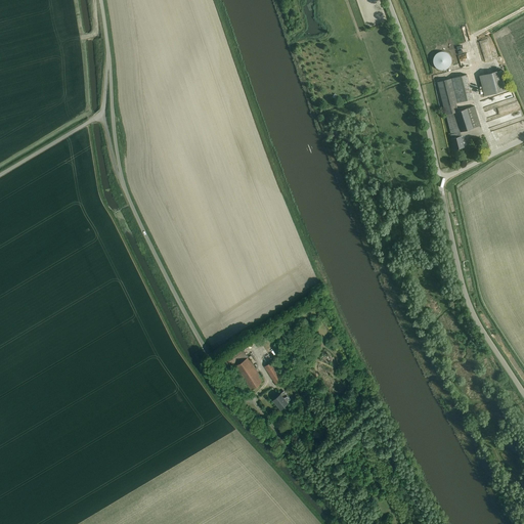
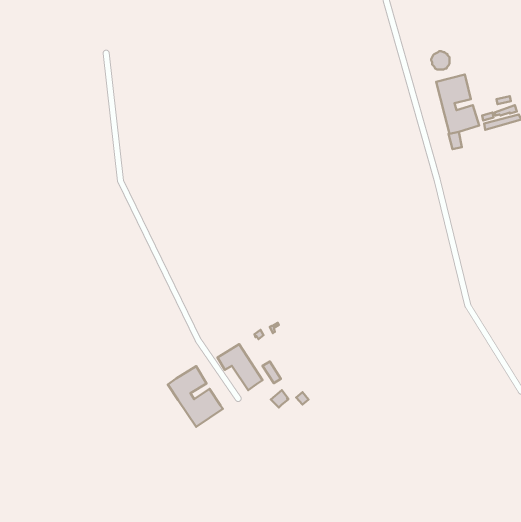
building: [479,71,505,96] -> none
building: none -> [168,366,223,427]

